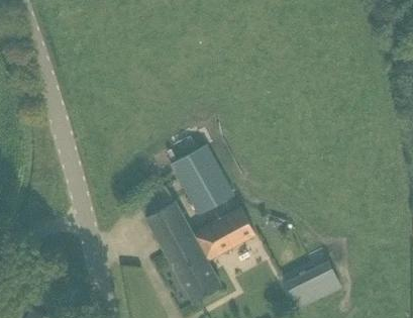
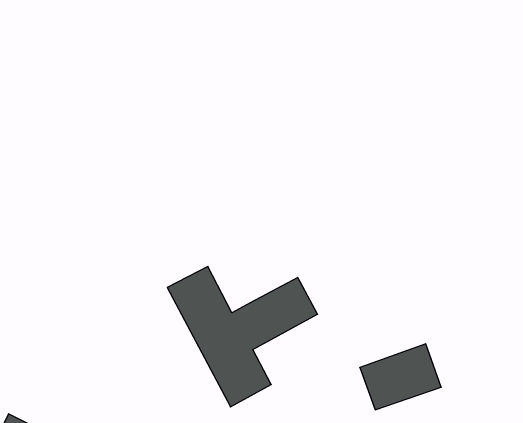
building: [171,146,232,215] -> none

